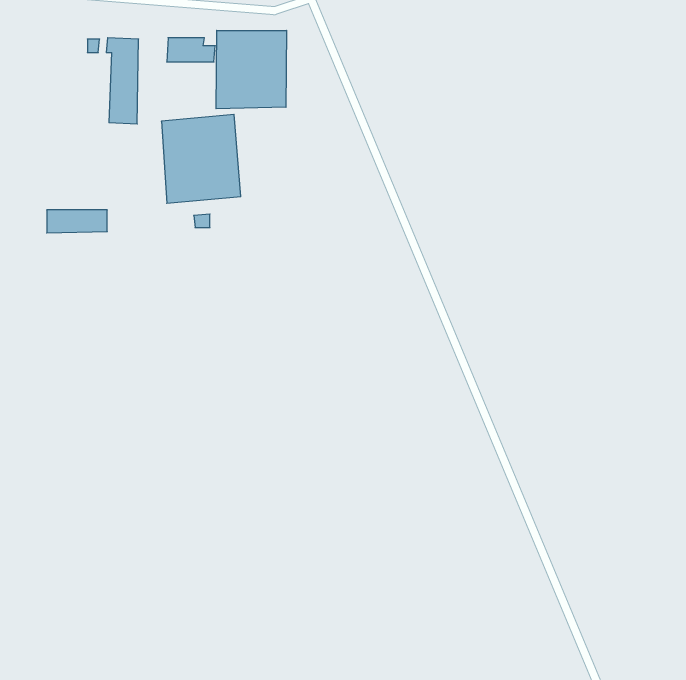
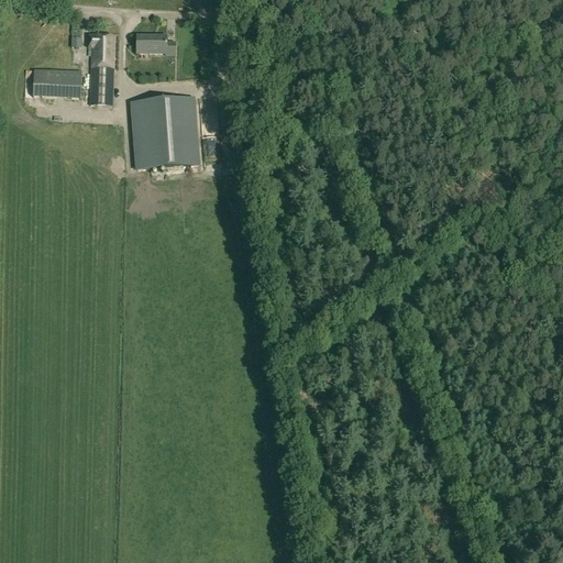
building: [216,30,287,109] -> none
building: [47,210,107,233] -> [35,80,85,99]

